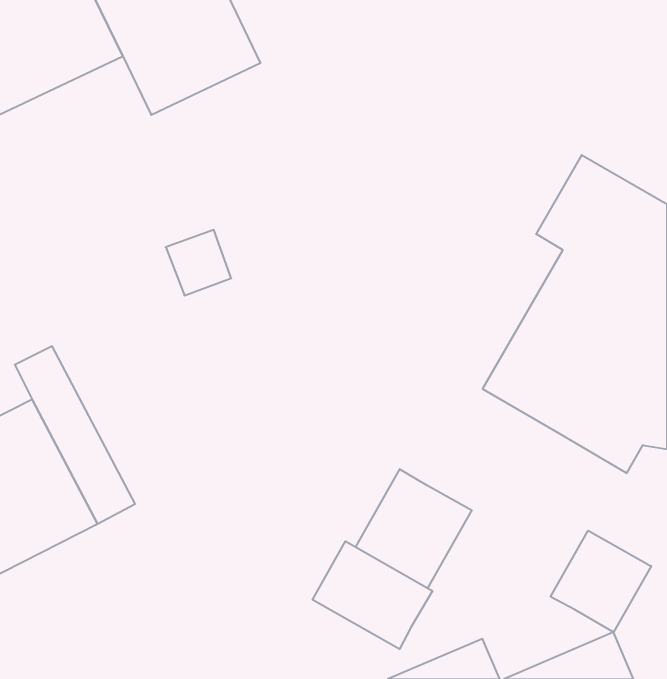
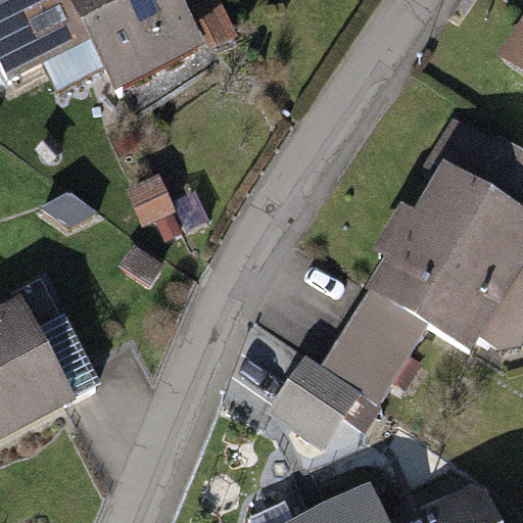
building: none -> [326,297,427,405]
building: [551,531,651,632] -> none
building: [313,541,432,649] -> none

